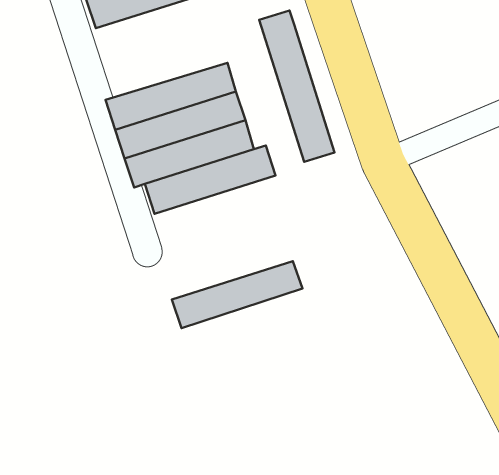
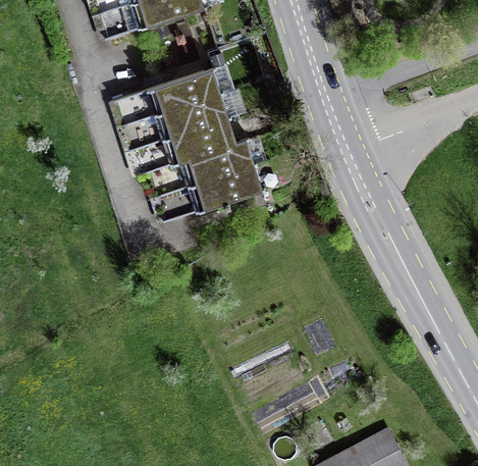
building: [259,10,334,162] -> none
building: [172,261,302,328] -> [150,165,261,222]

